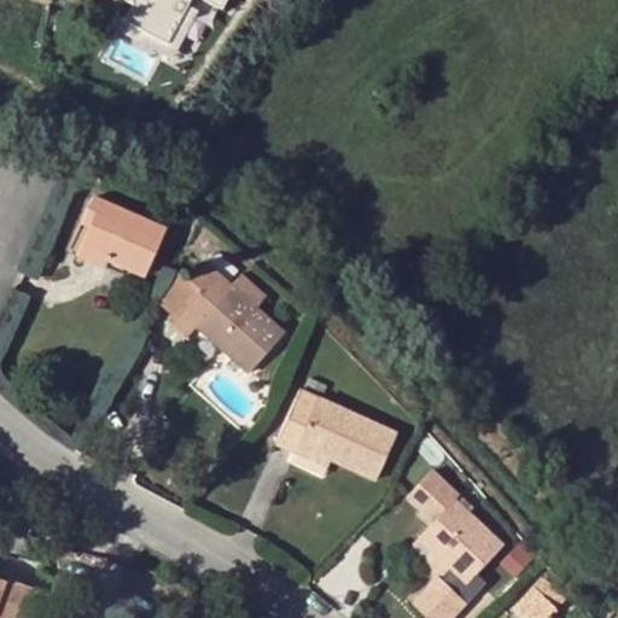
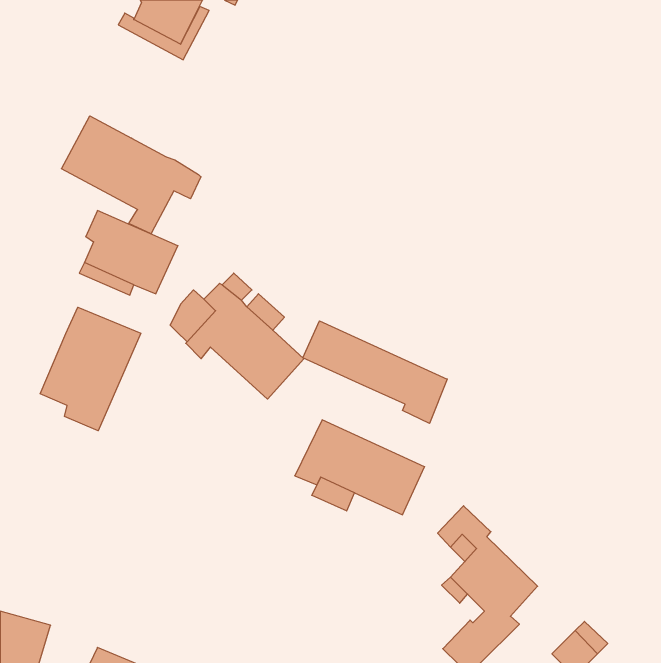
building: none -> [61,116,201,234]
building: none -> [40,307,141,431]
building: none -> [303,321,447,423]

